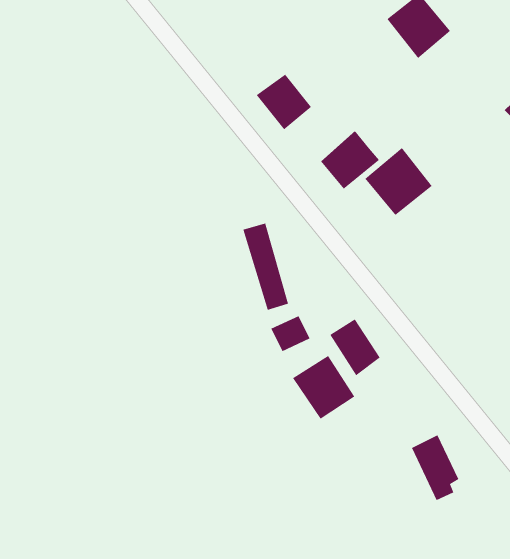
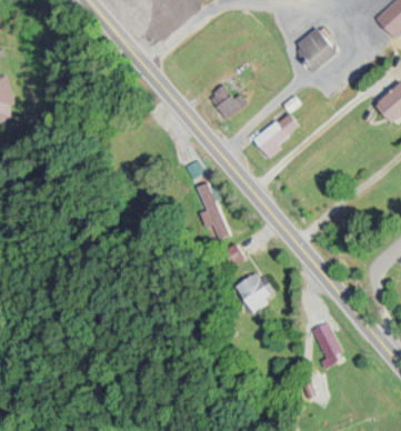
building: [364,147,432,216] -> none
building: [329,319,380,376] -> none

